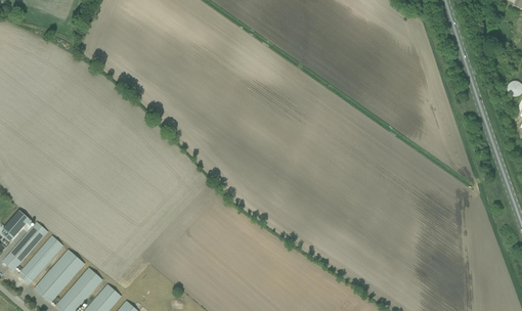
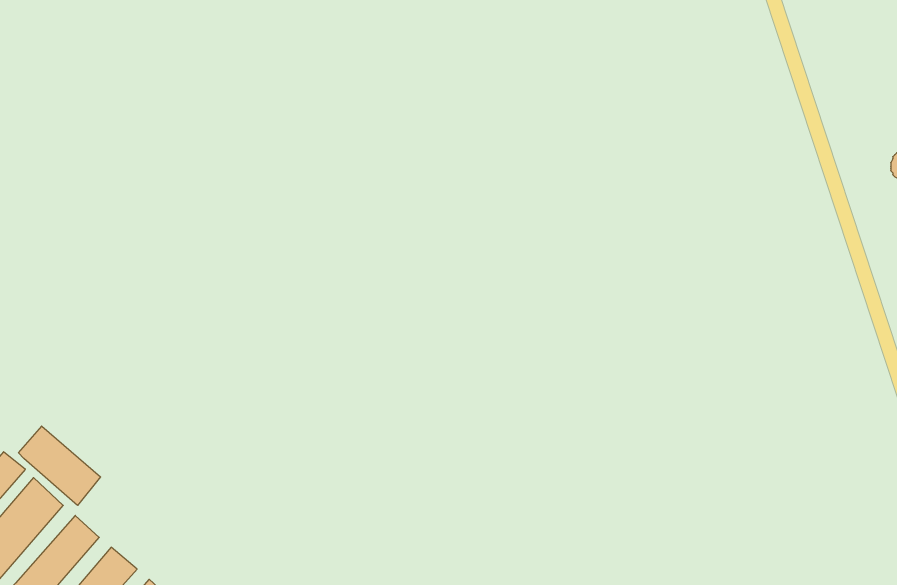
building: none -> [19,426,101,505]

